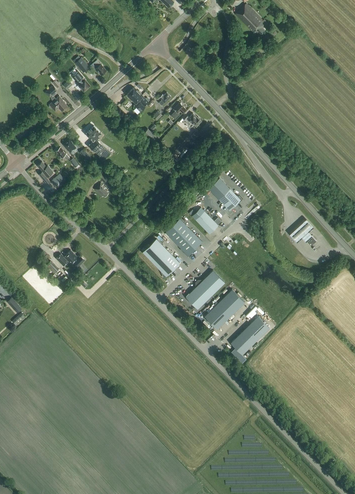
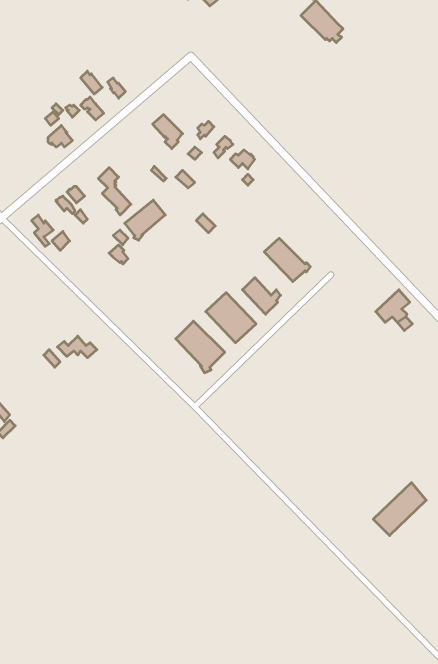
building: none -> [125,200,165,240]
building: [185,270,225,309] -> none
building: [205,289,245,329] -> none
building: [230,315,269,354] -> [373,483,426,536]

